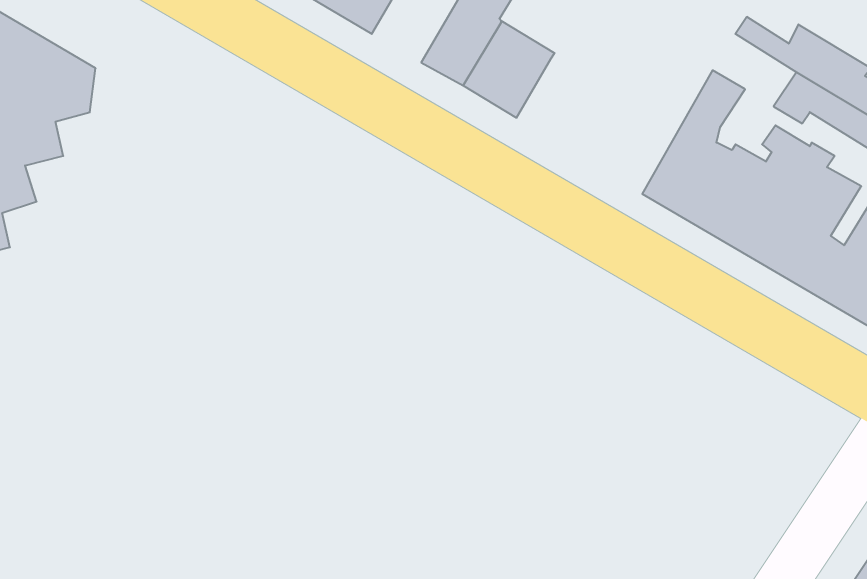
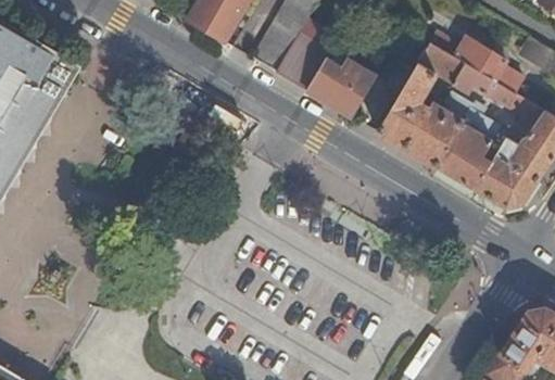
building: none -> [418,42,466,84]
building: none -> [306,56,374,116]

